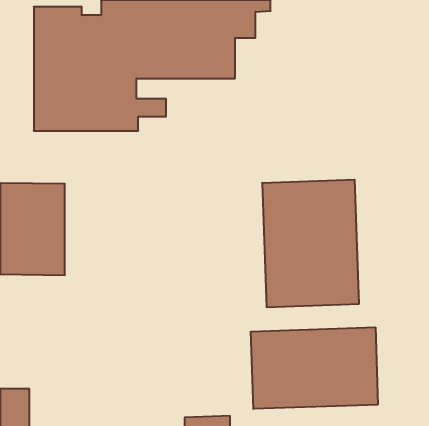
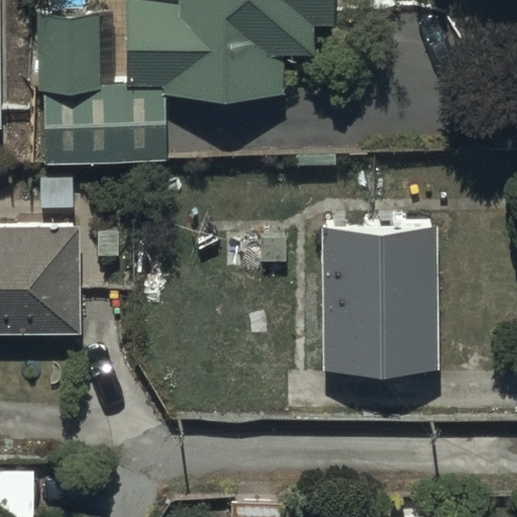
building: [251,327,378,409] -> none

